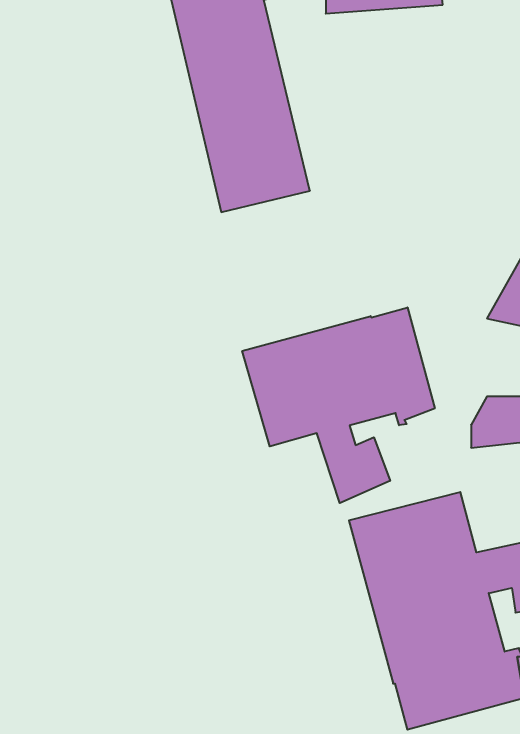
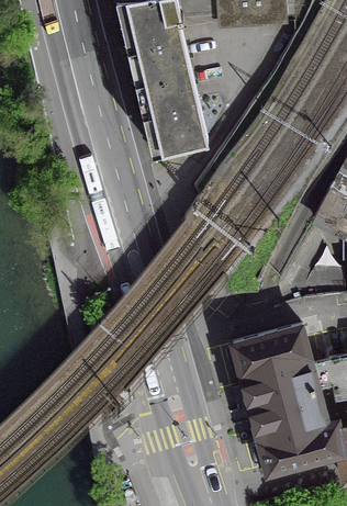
building: [242,307,435,503] -> none

